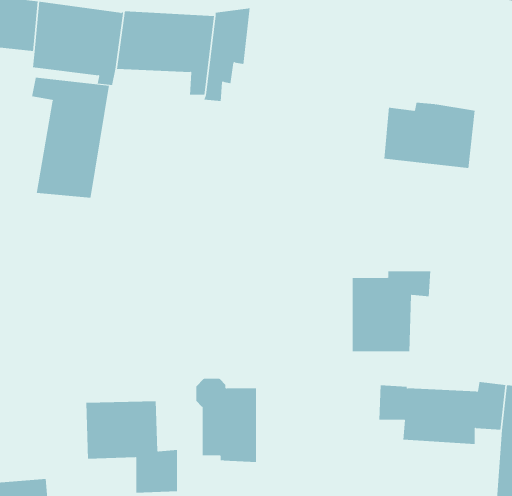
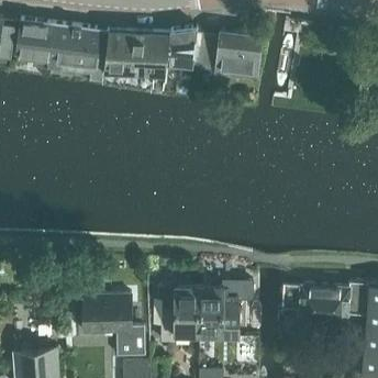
building: [31,77,109,198] -> none
building: [383,102,476,169] -> [198,31,260,76]
building: [352,271,431,352] -> [199,282,253,337]

